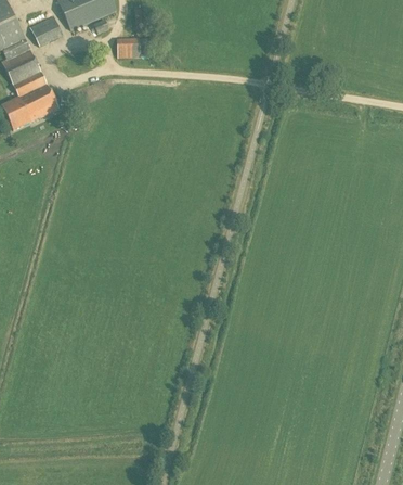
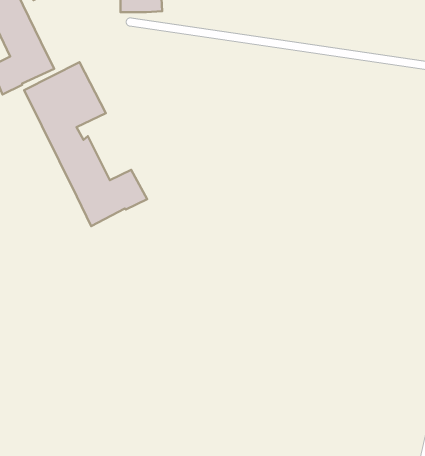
building: none -> [24,62,147,226]

